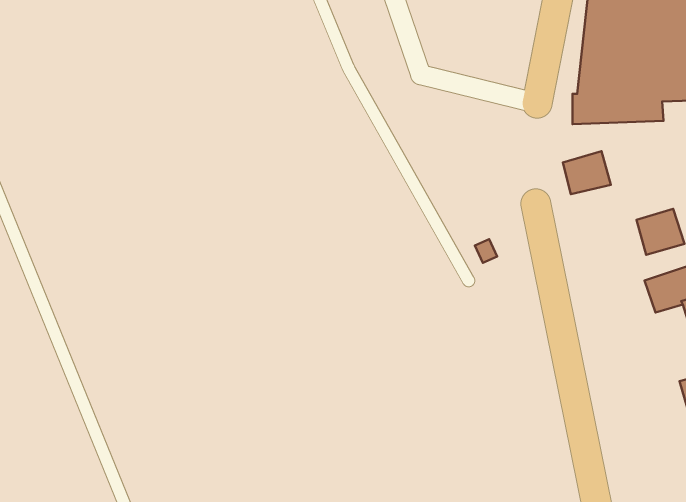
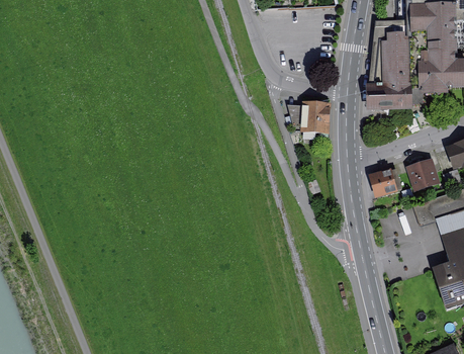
building: none -> [297,101,330,138]
building: [563,151,611,194] -> [372,167,402,194]

